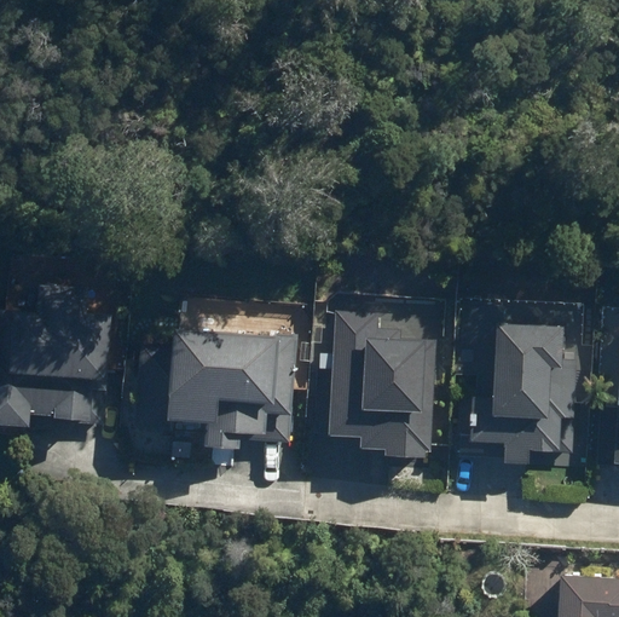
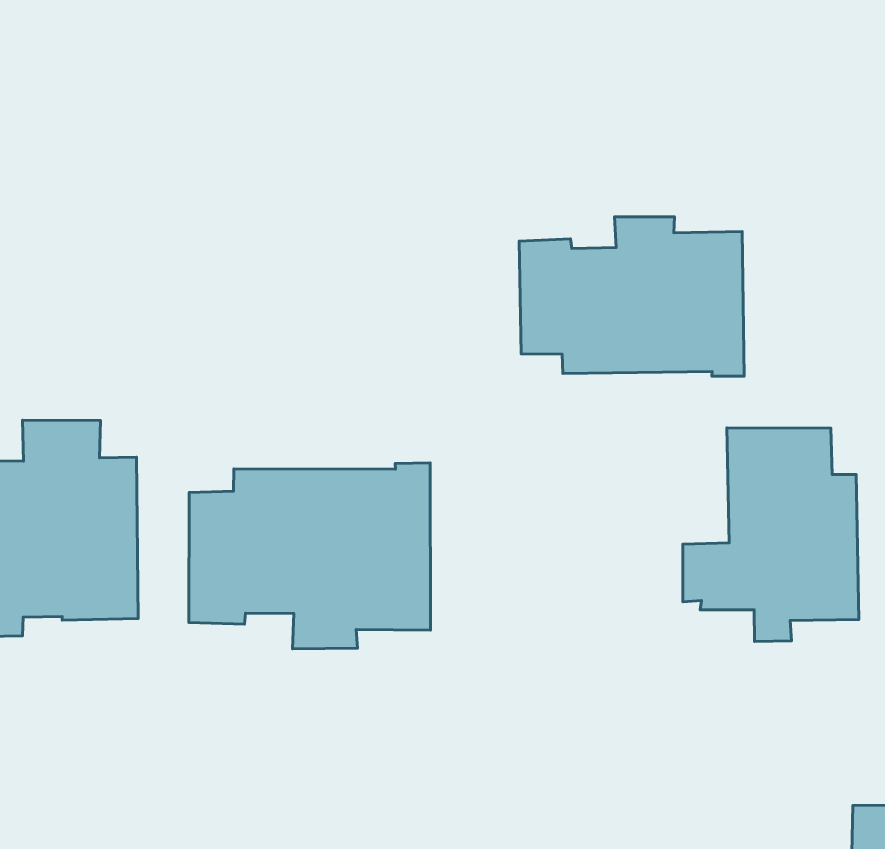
building: none -> [519,217,744,376]
building: [316,308,439,459] -> none

